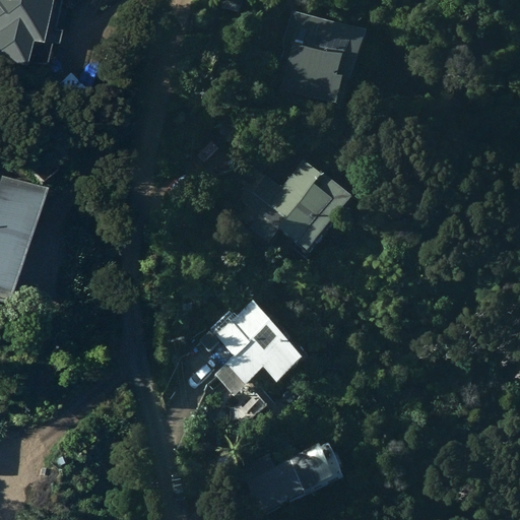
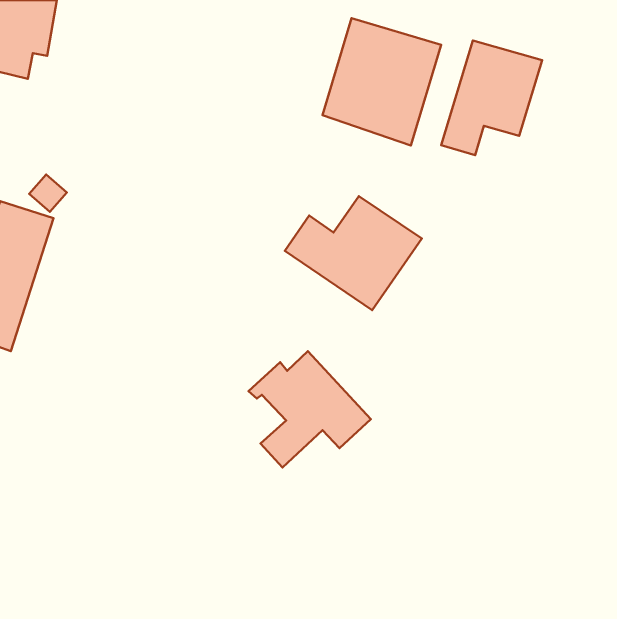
building: none -> [441,40,542,155]
building: [243,442,347,509] -> none

